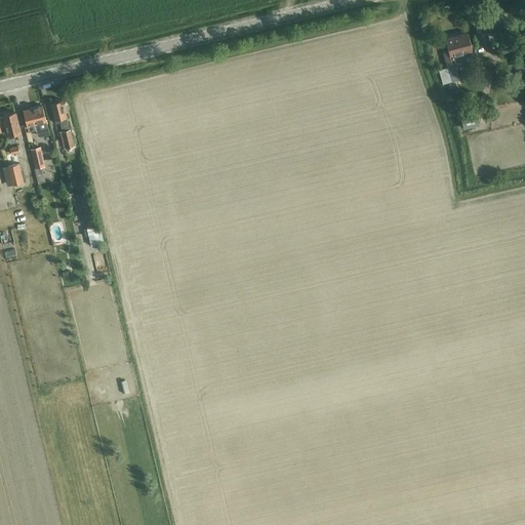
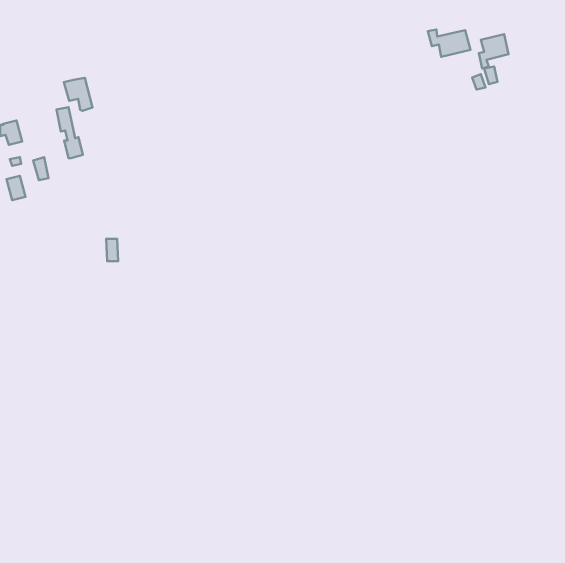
building: none -> [428,30,470,57]
building: [23,107,49,137] -> [64,78,92,111]

